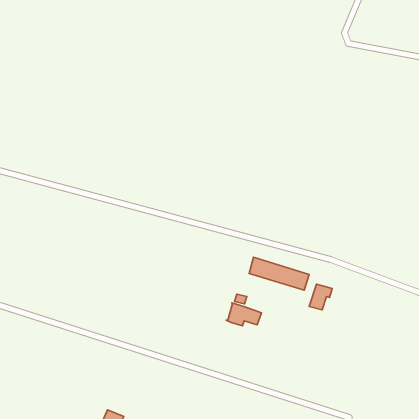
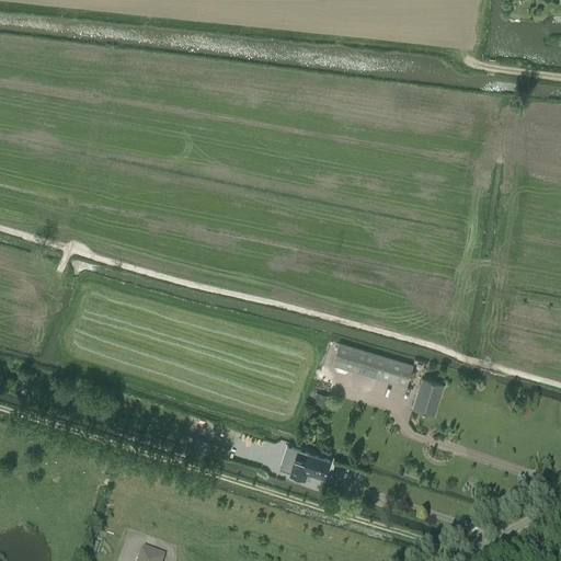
building: [226,303,261,326] -> [284,448,331,479]

